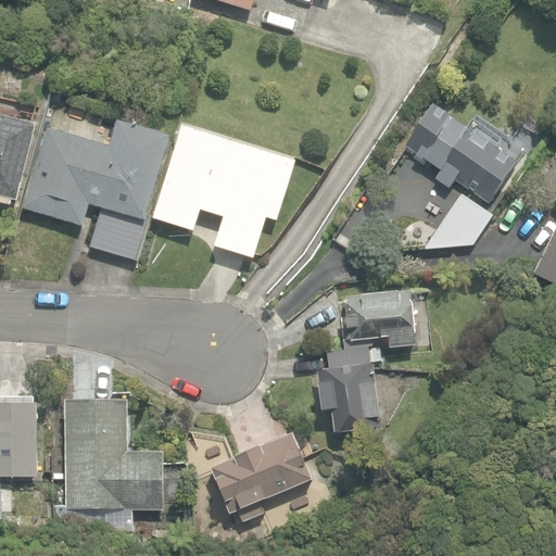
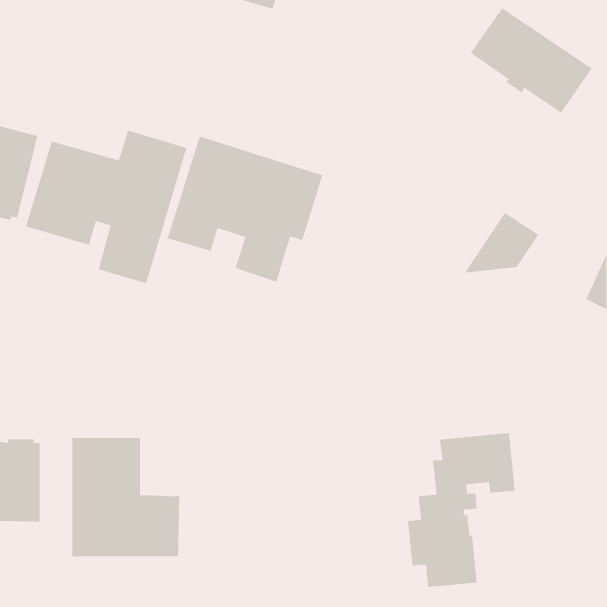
building: [404,105,516,202] -> [470,8,593,114]
building: [316,290,415,431] -> [407,432,516,588]
building: [211,432,313,520] -> none

